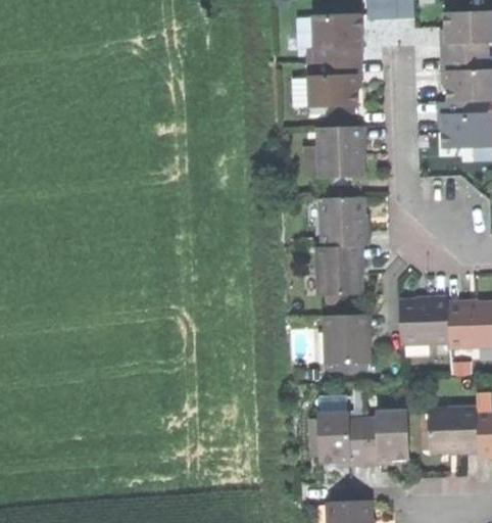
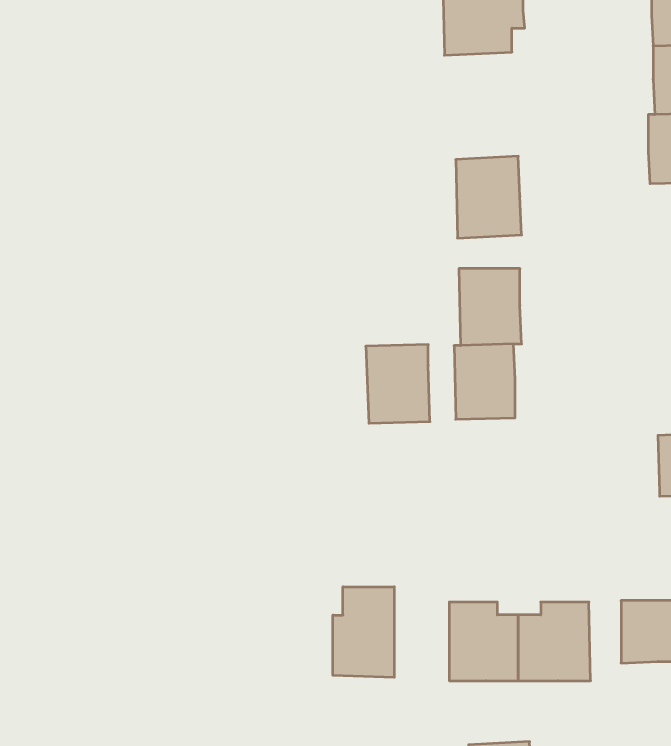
building: [308,60,358,107] -> none
building: [400,300,451,341] -> none
building: [327,315,367,365] -> [366,345,430,423]
building: none -> [333,587,394,677]

